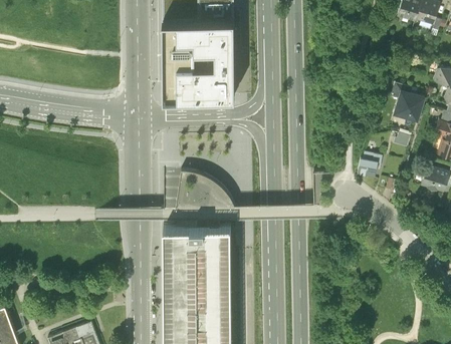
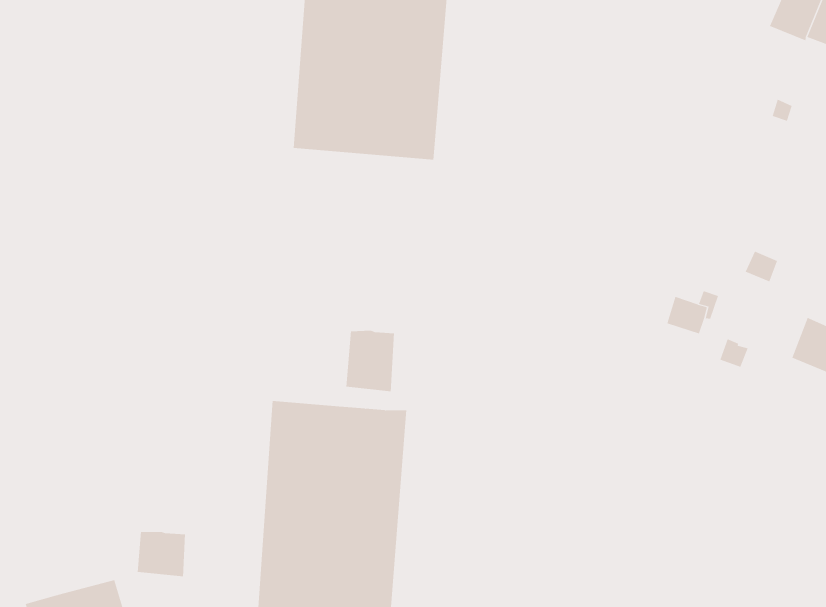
building: [394,89,424,120] -> none
building: none -> [346,330,394,392]
building: none -> [137,531,185,577]

